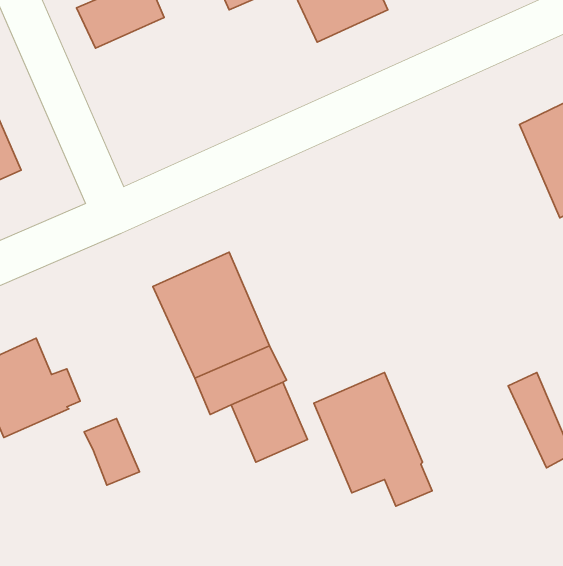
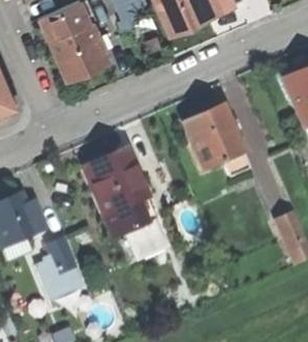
building: none -> [53,21,107,79]
building: [314,373,432,506] -> [183,106,247,178]
building: none -> [32,256,84,301]

